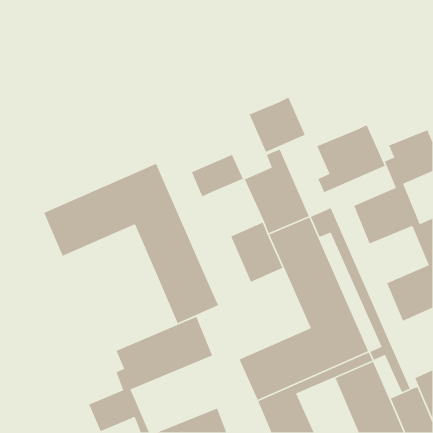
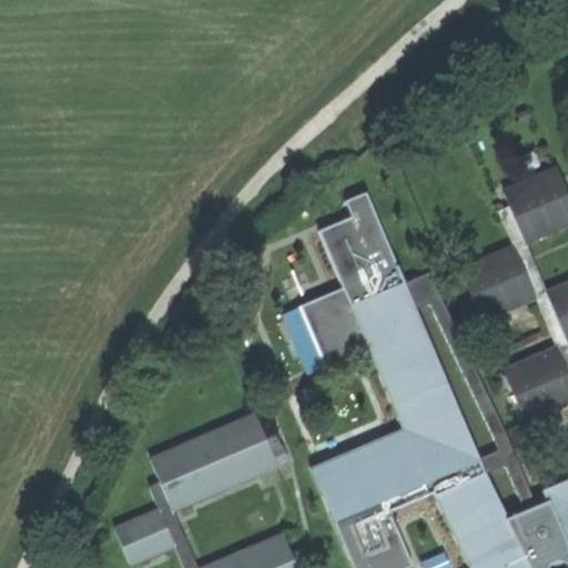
building: [249,97,306,153] -> none
building: [316,124,386,193] -> none
building: [191,154,244,197] -> none
building: [43,163,219,324] -> none

